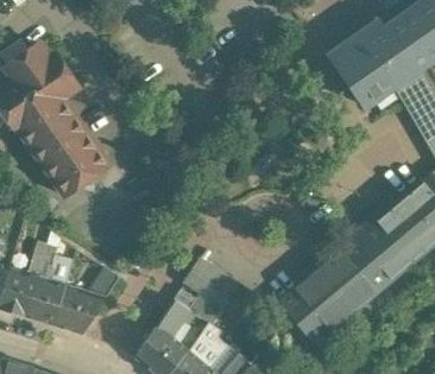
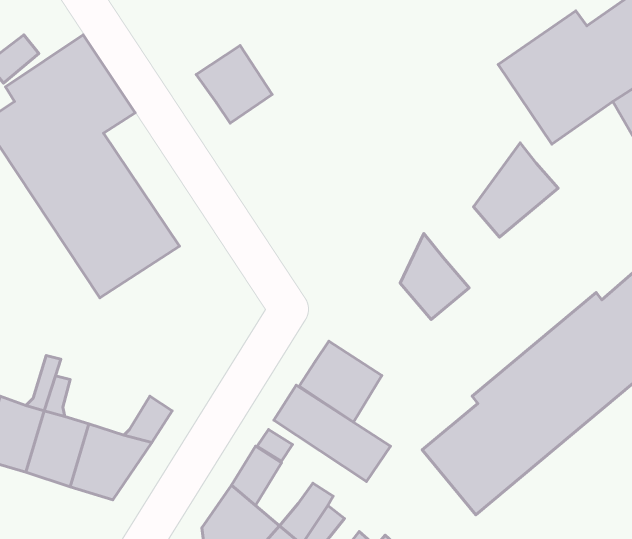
building: none -> [196,46,272,123]
building: none -> [473,143,558,237]
building: none -> [400,234,469,320]
building: none -> [299,341,382,422]

